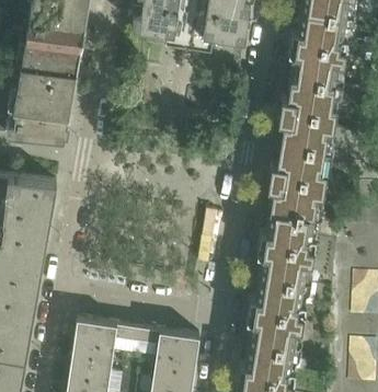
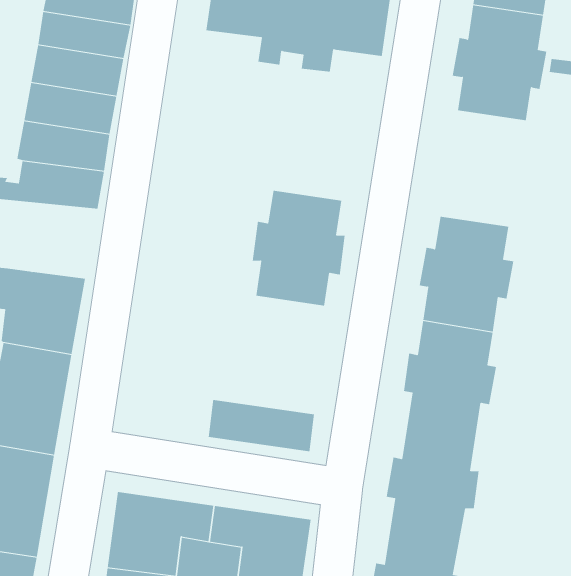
building: [279,74,339,148] -> [252,190,346,306]
building: none -> [208,399,314,452]

